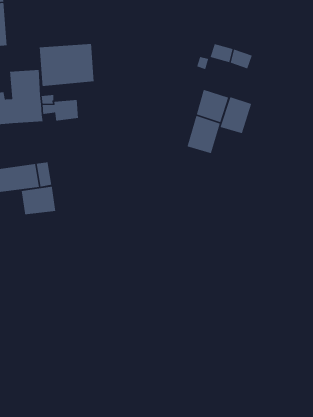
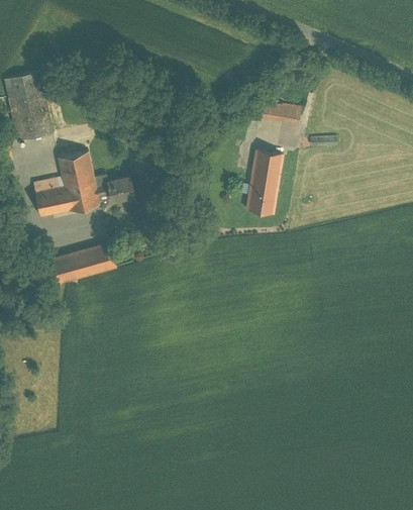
building: [39,43,94,87] -> none
building: [219,96,252,134] -> none
building: [21,186,56,215] -> none

